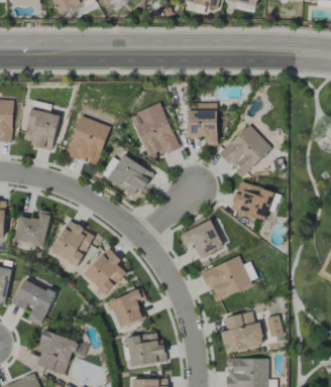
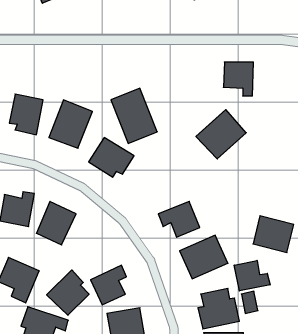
building: [187,111,218,146] -> [223,62,253,96]
building: [231,181,273,220] -> [253,216,294,253]
building: [83,248,127,295] -> [47,270,89,315]
building: none -> [234,260,270,291]

